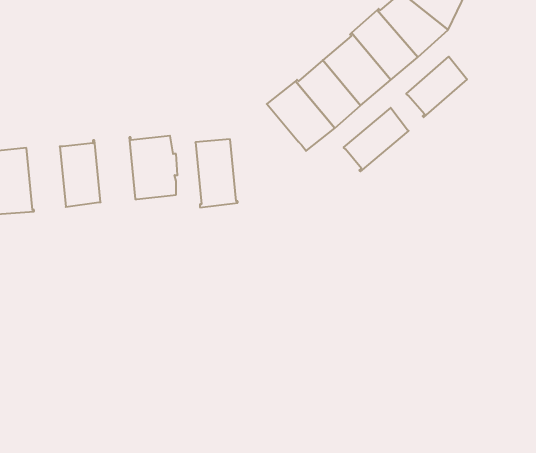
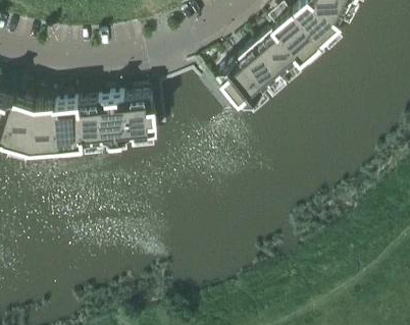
building: [406,57,467,117] -> none
building: [344,108,409,171] -> none
building: [195,139,238,207] -> [97,103,125,149]
building: none -> [51,109,78,152]

